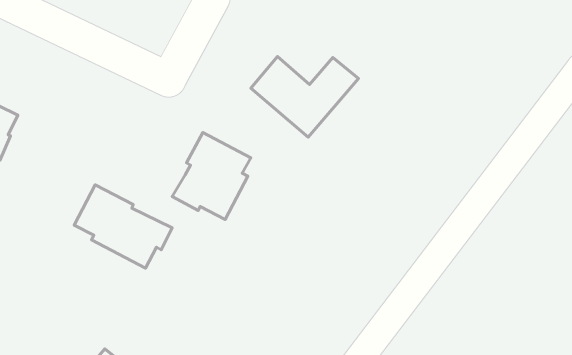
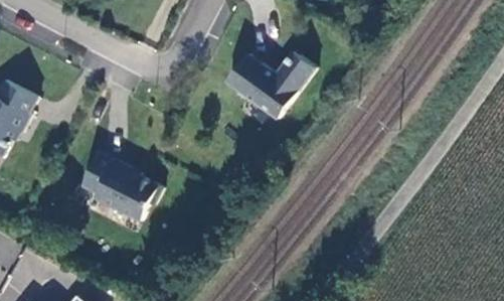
building: [172,132,251,220] -> none

